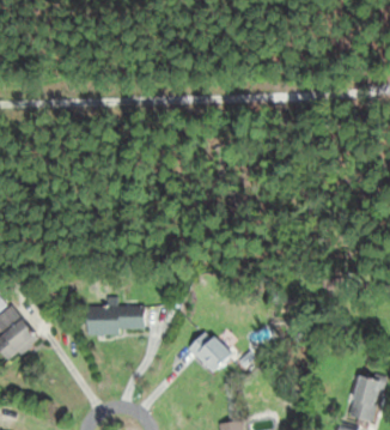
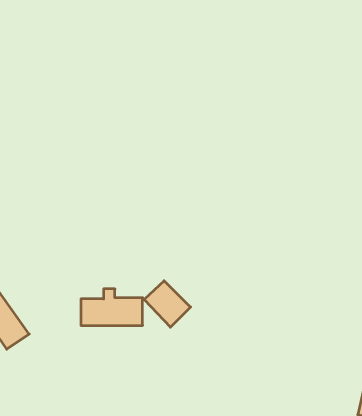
building: [188,329,232,374] -> [144,281,191,327]

